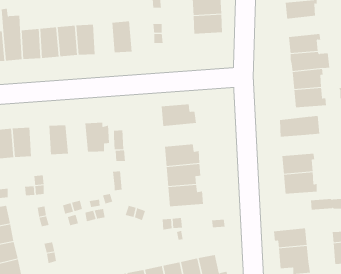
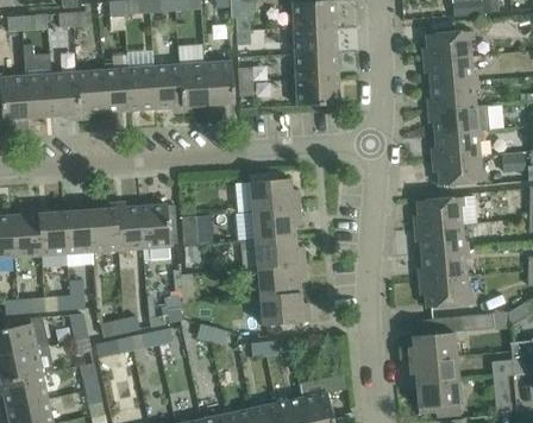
building: none -> [427,53,475,83]
building: none -> [205,59,233,105]
building: none -> [153,63,182,108]
building: none -> [295,77,338,106]
building: none -> [114,206,144,250]
building: none -> [251,206,301,239]
building: none -> [63,209,93,265]
building: none -> [418,222,466,252]
building: none -> [407,332,454,359]

